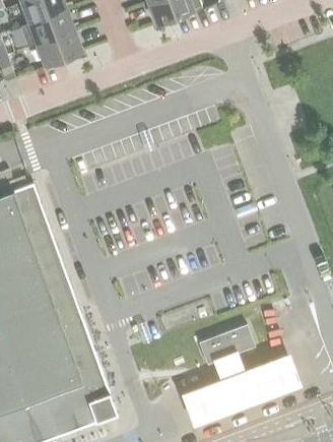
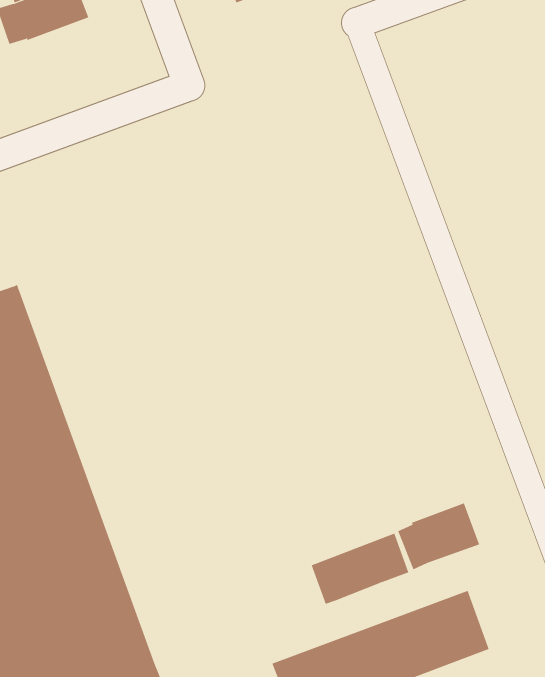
building: [38,30,80,64] -> none
building: none -> [398,503,480,570]

